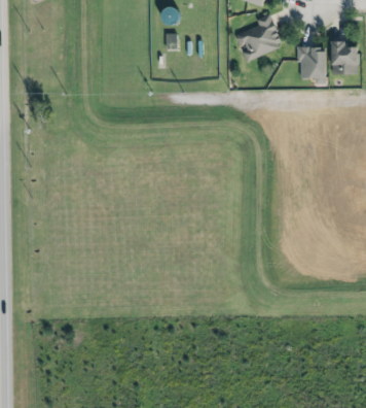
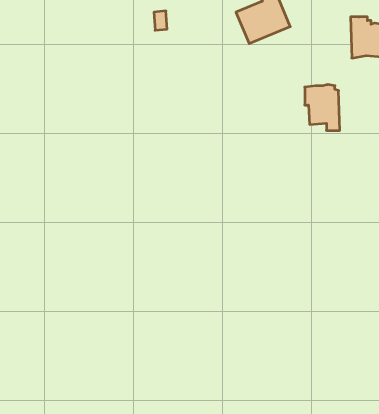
building: [297,44,327,83] -> [305,85,340,130]

